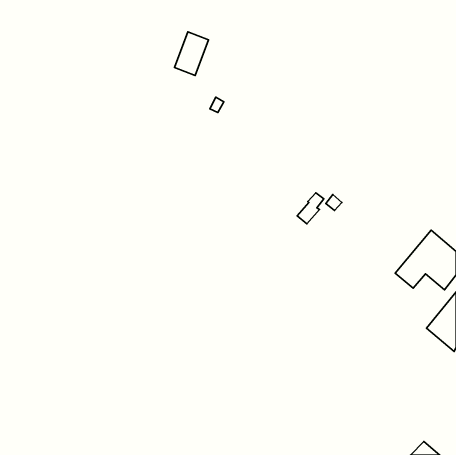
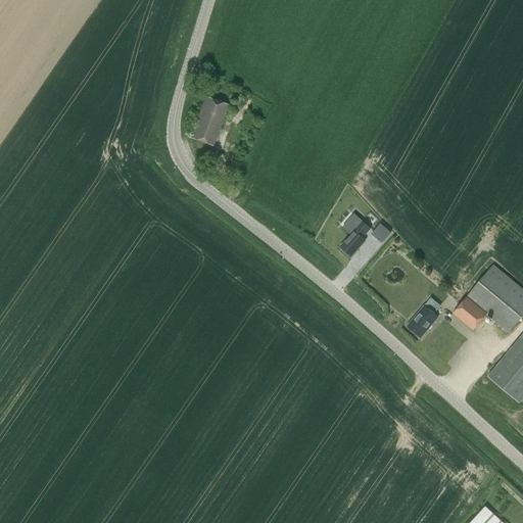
building: [175,32,208,76] -> [190,96,229,146]
building: none -> [408,305,438,337]

